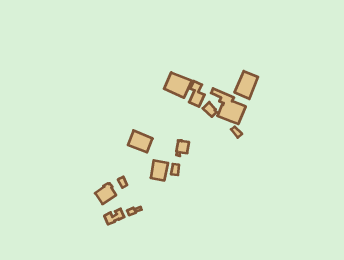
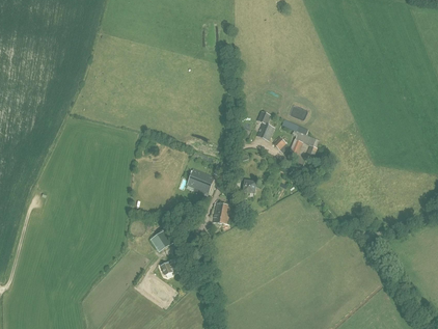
building: [235,71,258,99] -> none
building: [164,72,192,98] -> none

